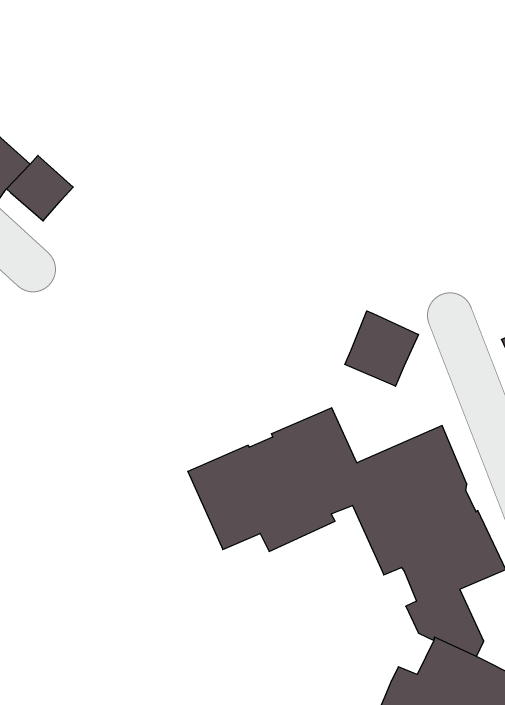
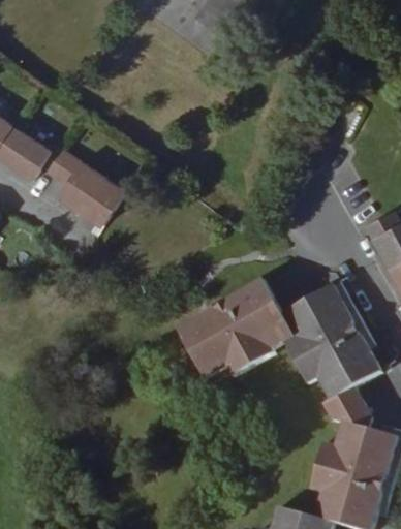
building: none -> [56,165,124,220]
building: [345,311,418,386] -> none

